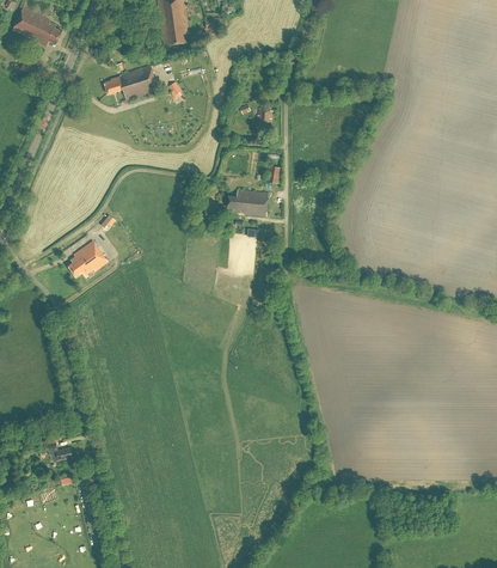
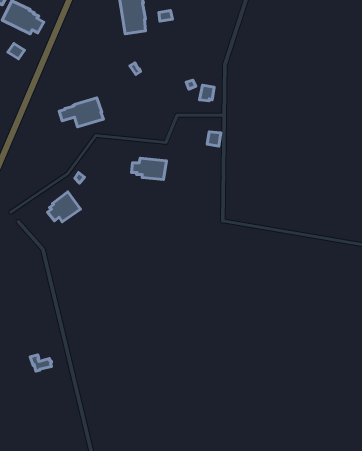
building: [103,65,158,100] -> [59,98,104,127]
building: [226,190,269,216] -> [131,158,166,179]

